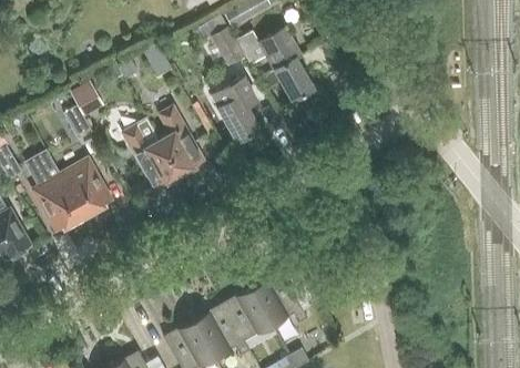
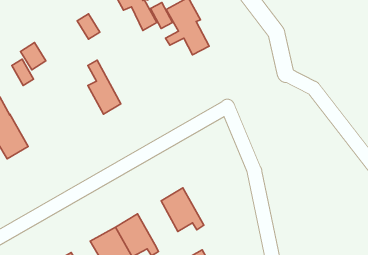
building: [211,76,258,142] -> none
building: [124,120,180,188] -> none
building: [61,160,111,216] -> none
building: [223,285,274,340] -> none

